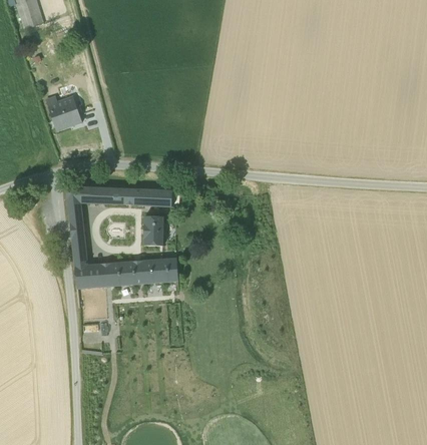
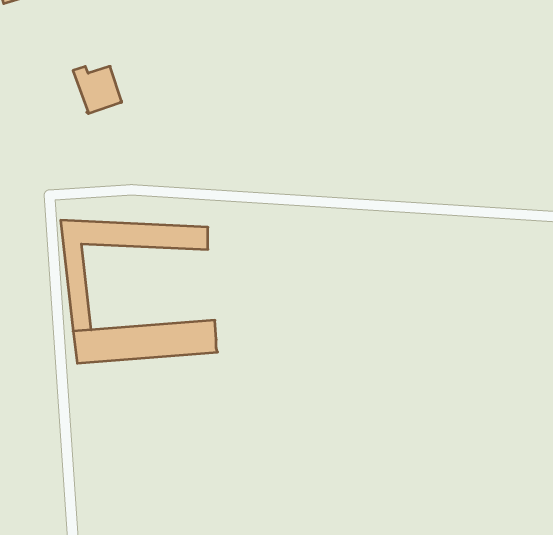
building: [46,96,81,130] -> [73,66,122,114]
building: [144,215,163,246] -> none

